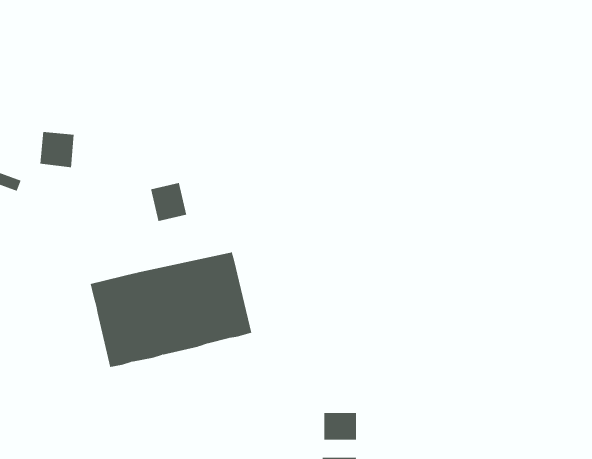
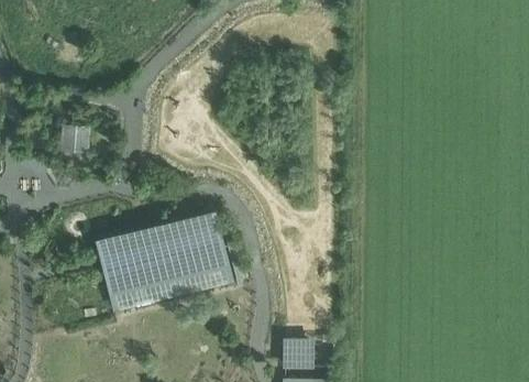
building: [150,182,187,222] -> none

